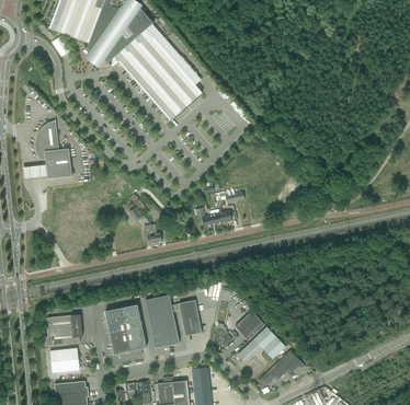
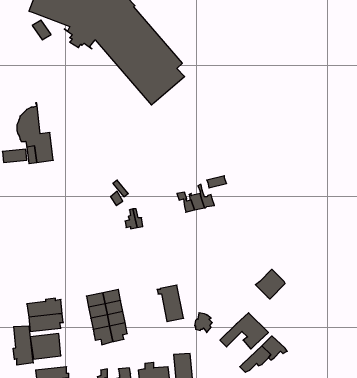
building: [146,296,180,348] -> none
building: [235,311,264,340] -> [255,269,285,299]
building: none -> [13,326,33,365]

